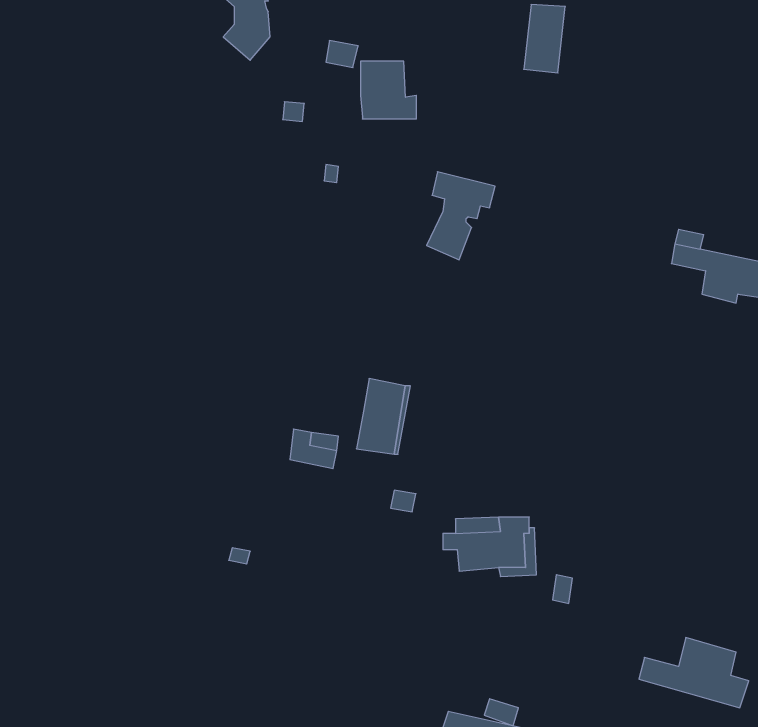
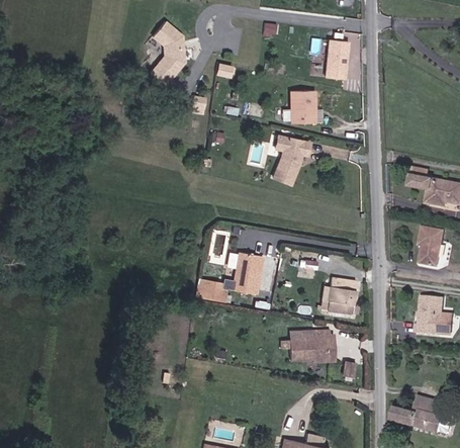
building: [361,61,416,119] -> [290,90,321,122]
building: none -> [419,228,444,268]
building: none -> [326,277,355,313]
building: none -> [416,297,452,338]

